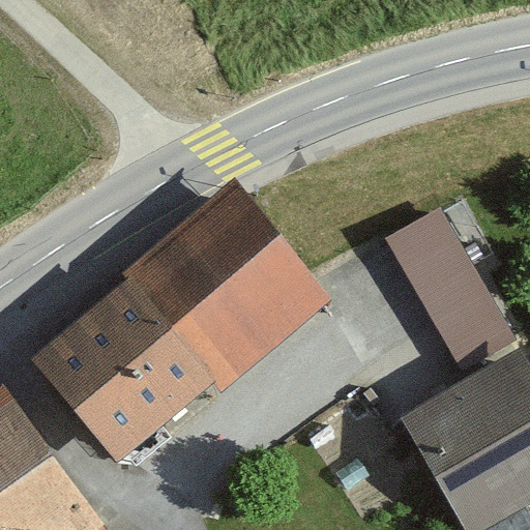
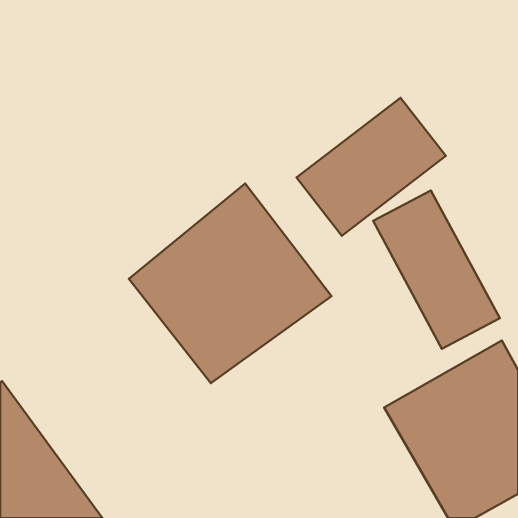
building: none -> [296,98,446,236]
building: [32,285,215,469] -> none

